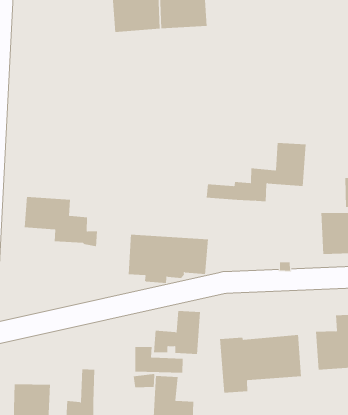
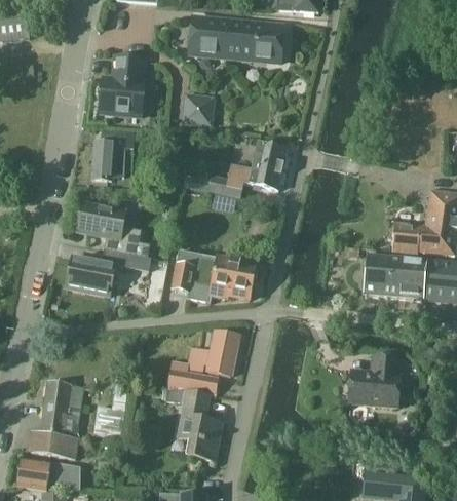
building: none -> [100,56,144,116]
building: none -> [183,95,213,124]
building: none -> [92,128,134,179]
building: [206,142,307,202] -> [182,143,287,199]
building: none -> [67,248,132,295]
building: [220,334,301,394] -> none

